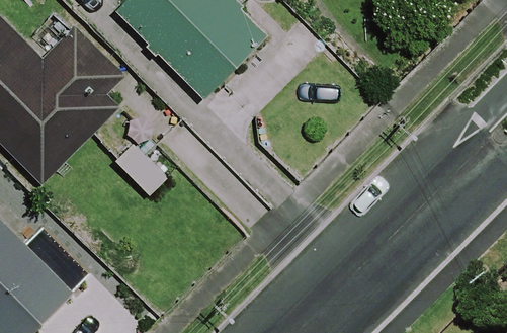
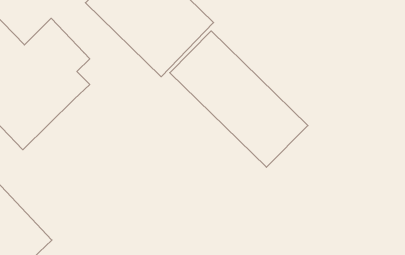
building: none -> [170,31,308,167]

